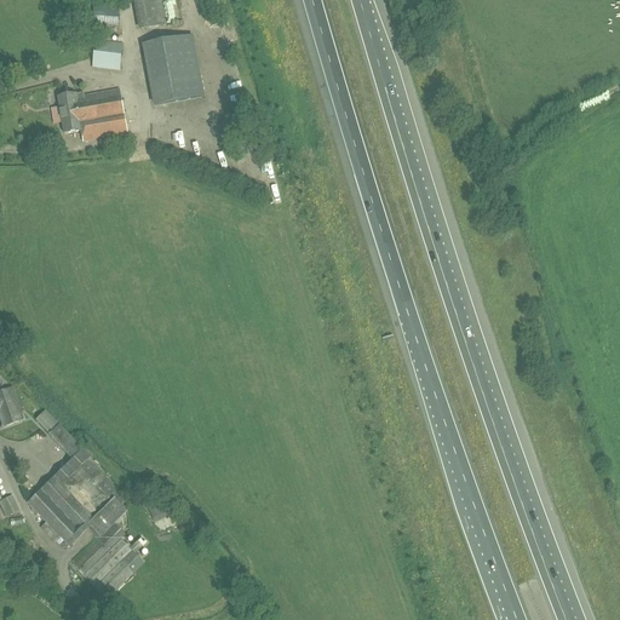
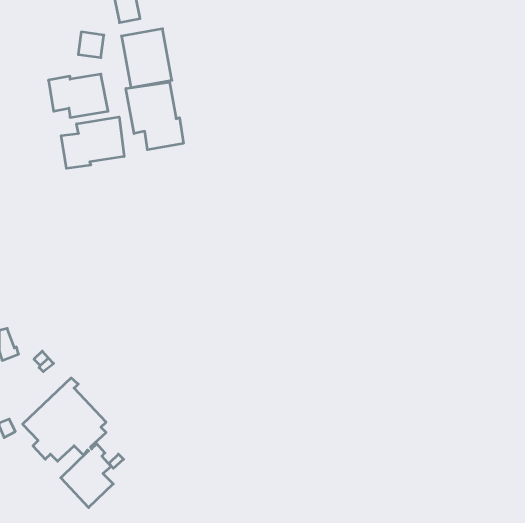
building: none -> [126,82,183,150]
building: none -> [61,117,124,168]

